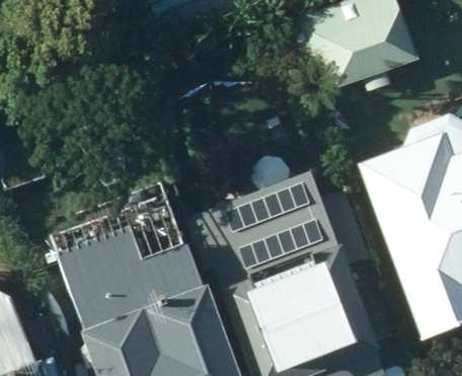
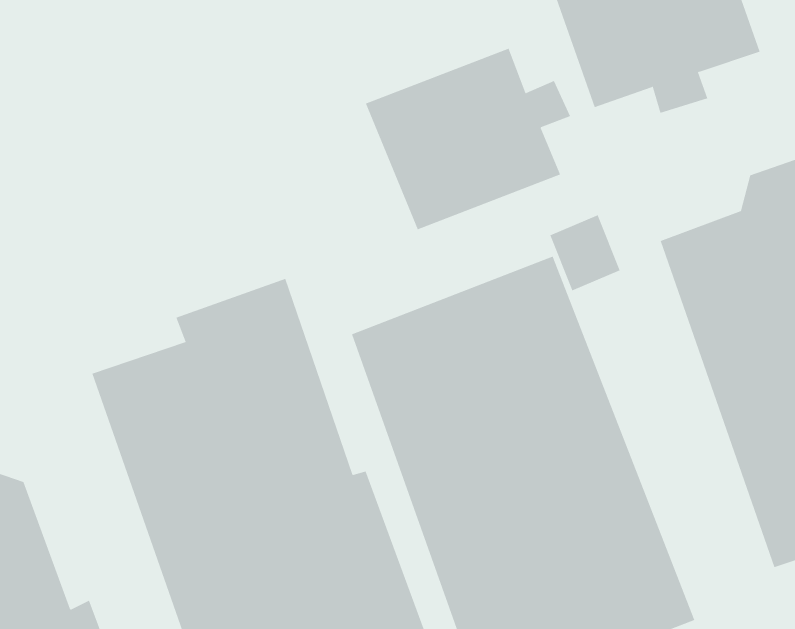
building: none -> [365,48,571,230]

